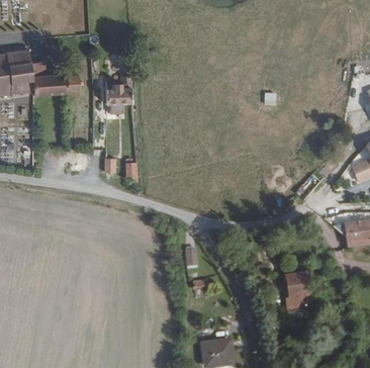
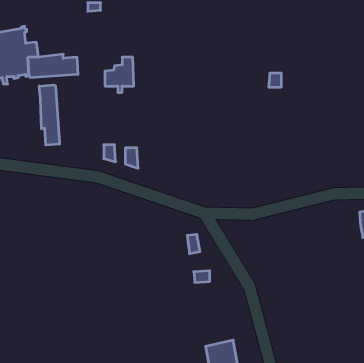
building: none -> [39,85,60,145]
building: [286,272,312,317] -> none

